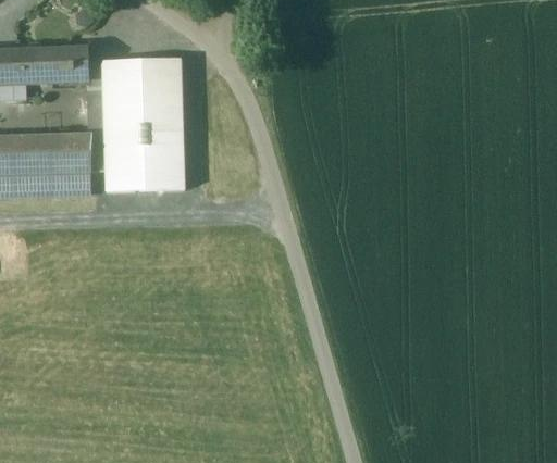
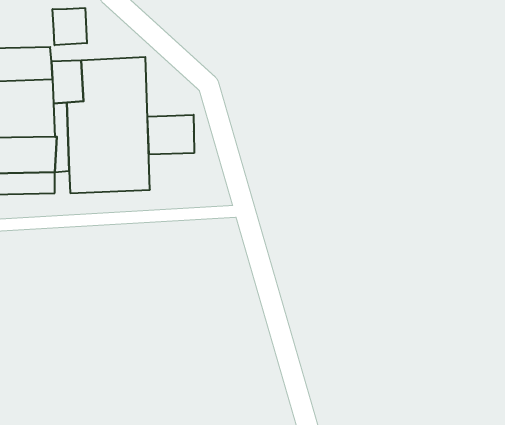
building: none -> [53,8,87,45]
building: none -> [147,115,194,154]

